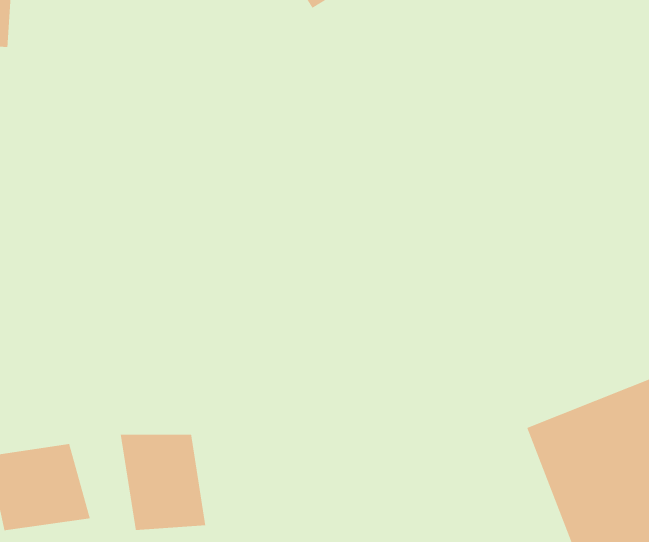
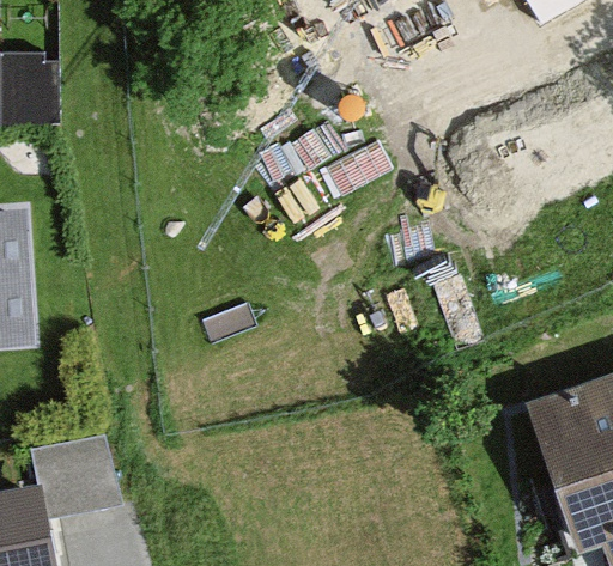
building: [120,434,206,531] -> none

